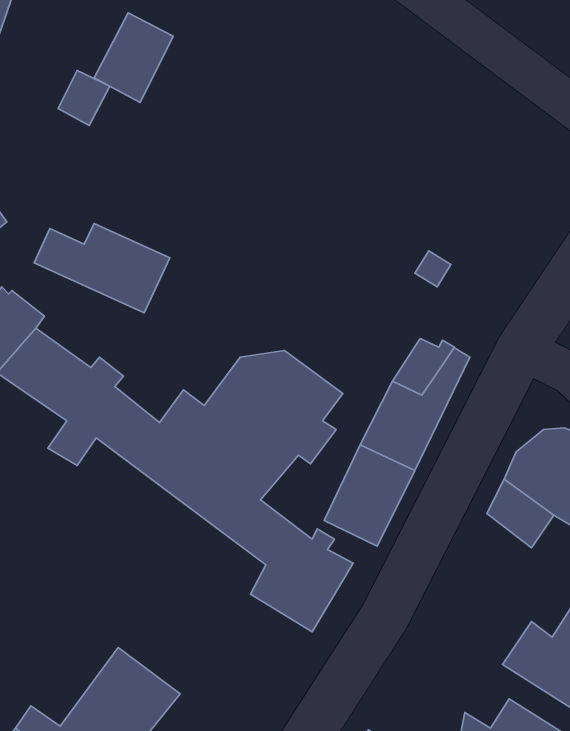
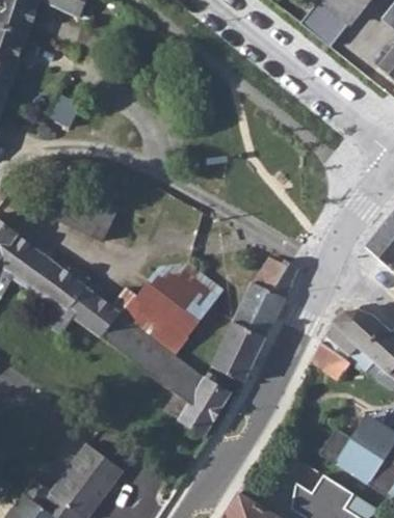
building: [94,13,173,102] -> none

